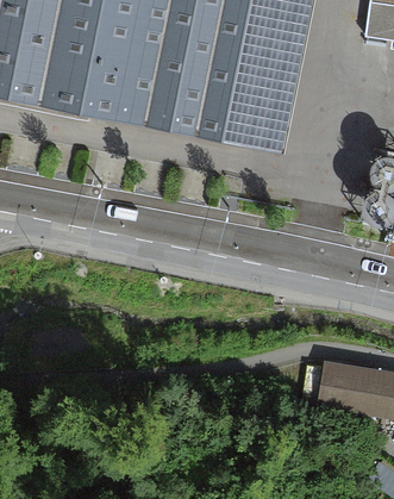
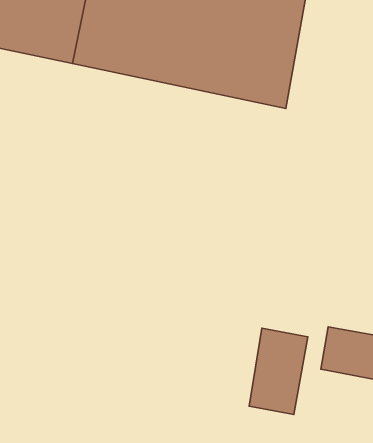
building: none -> [249,328,308,414]

